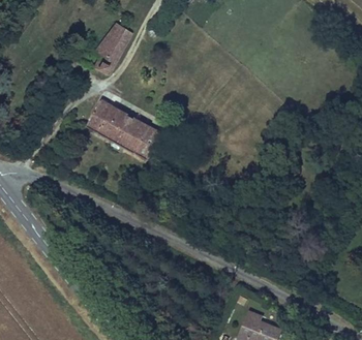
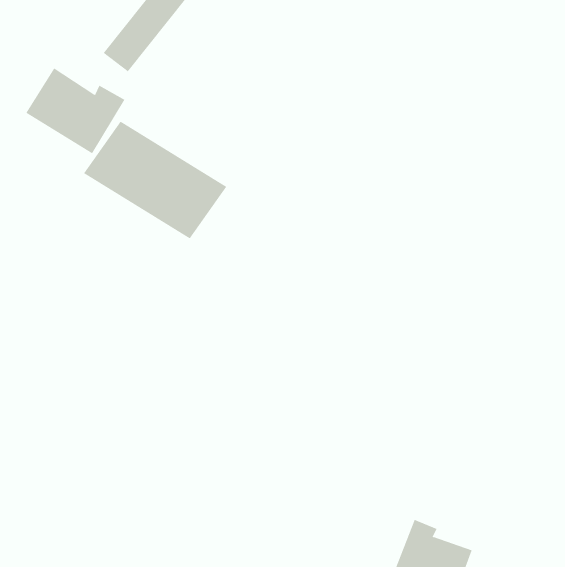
building: none -> [25,68,125,154]

